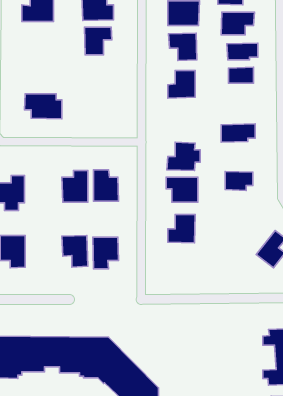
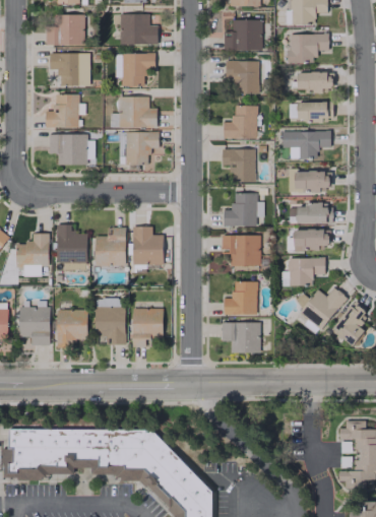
building: none -> [49,53,89,86]
building: none -> [45,94,85,128]
building: none -> [119,96,158,128]
building: none -> [281,131,330,158]
building: none -> [125,132,160,166]
building: none -> [222,149,255,181]
building: none -> [297,205,332,224]
building: none -> [57,224,87,270]
building: none -> [289,258,325,286]
building: none -> [299,287,348,330]
building: none -> [57,310,87,348]
building: none -> [222,322,260,353]

